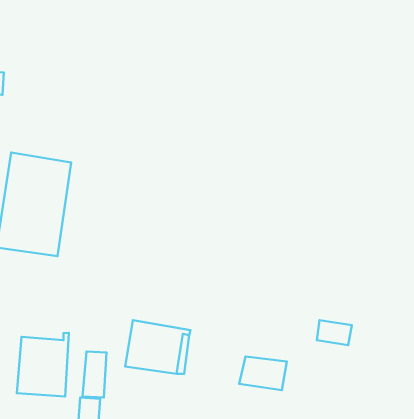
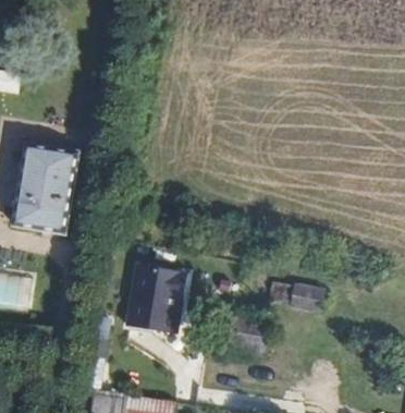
building: none -> [133,265,186,295]
building: [17,333,69,396] -> none

